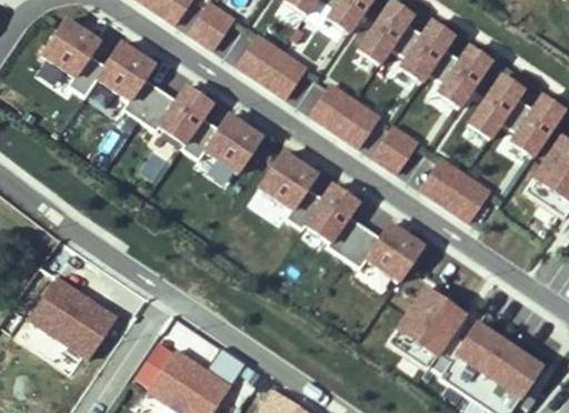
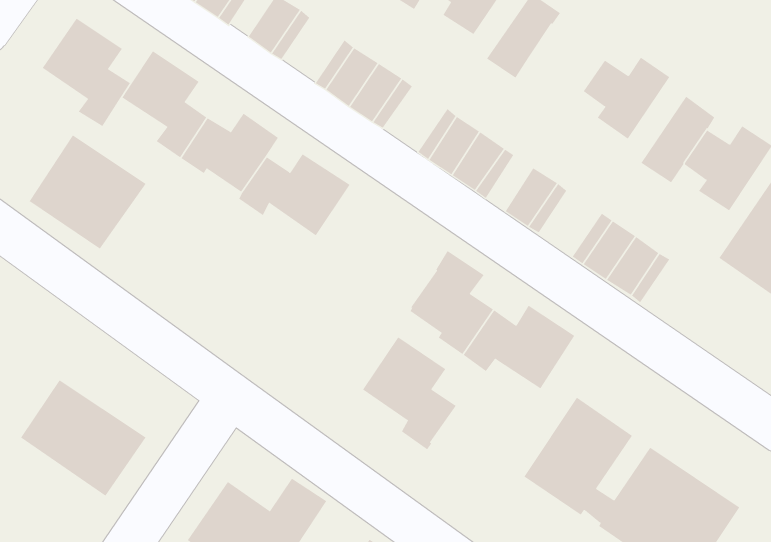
building: [391,20,455,80] -> none
building: none -> [29,134,146,249]
building: [257,149,325,230] -> [362,336,457,450]

